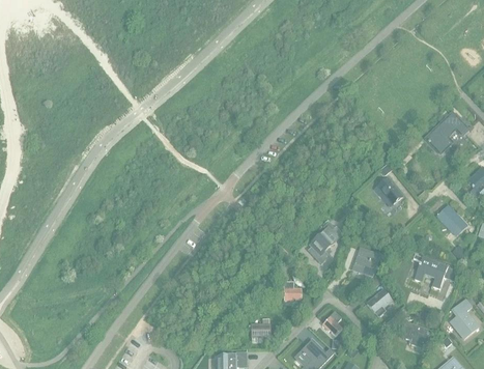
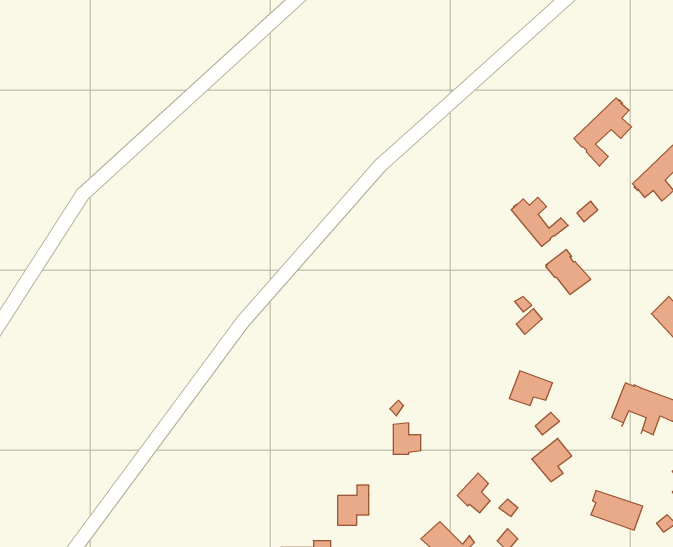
building: none -> [574,98,632,166]
building: none -> [511,197,568,246]
building: [308,223,337,262] -> none

